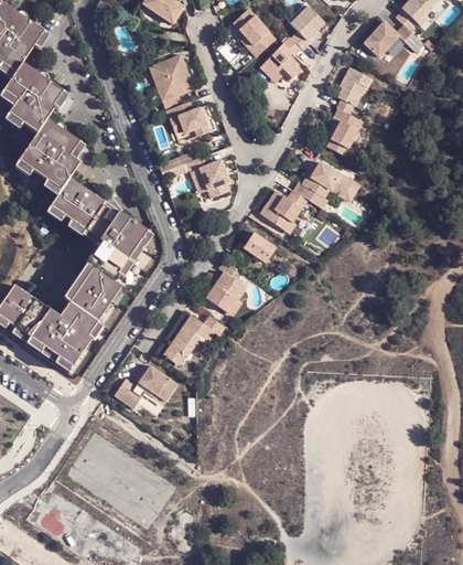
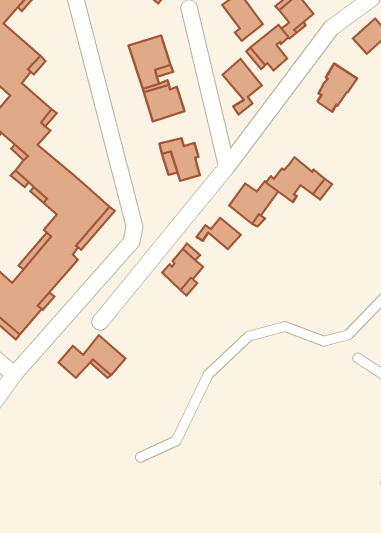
building: none -> [223,59,262,115]
building: [327,107,364,156] -> none
building: [164,309,224,359] -> none

